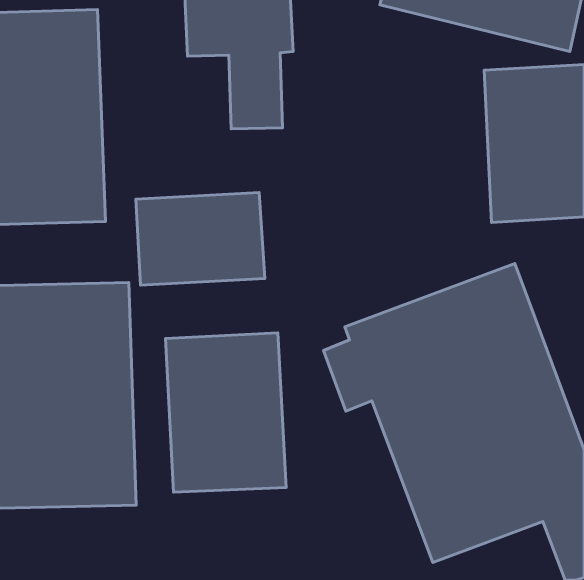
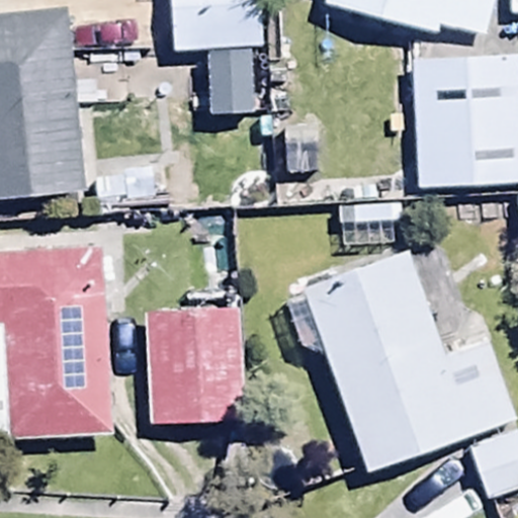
building: [136,193,265,285] -> none

